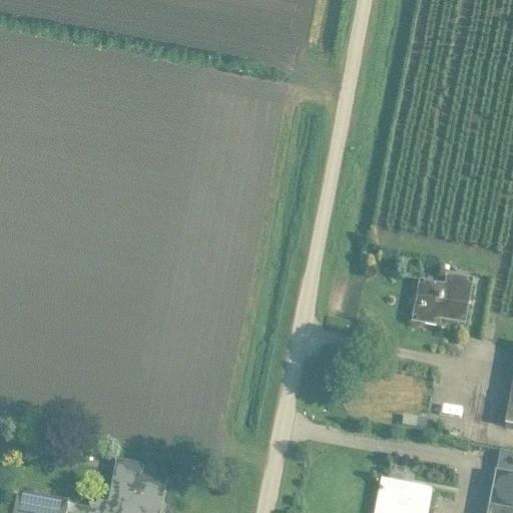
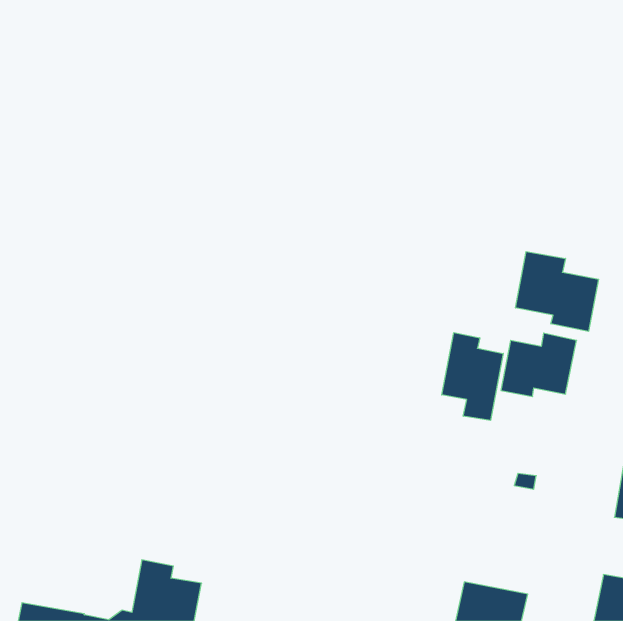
building: none -> [516,252,599,331]
building: none -> [442,333,503,420]

